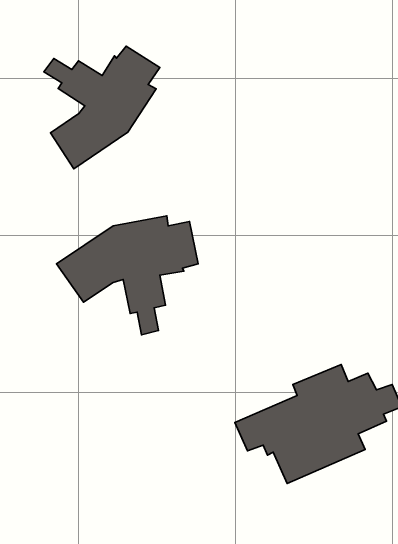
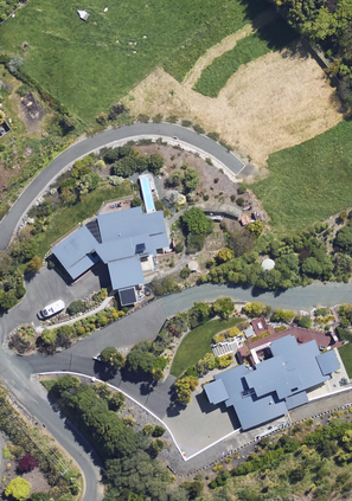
building: [44,46,160,169] -> none

